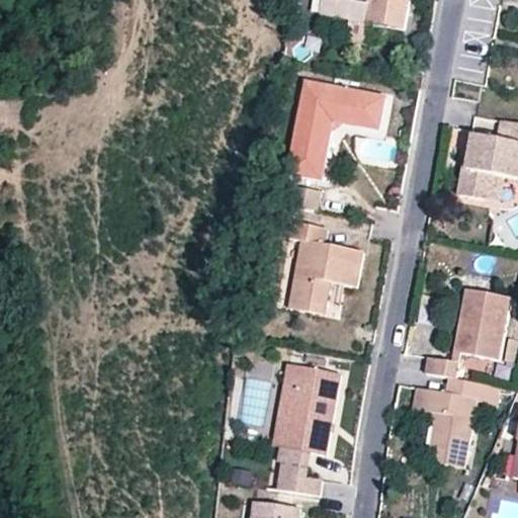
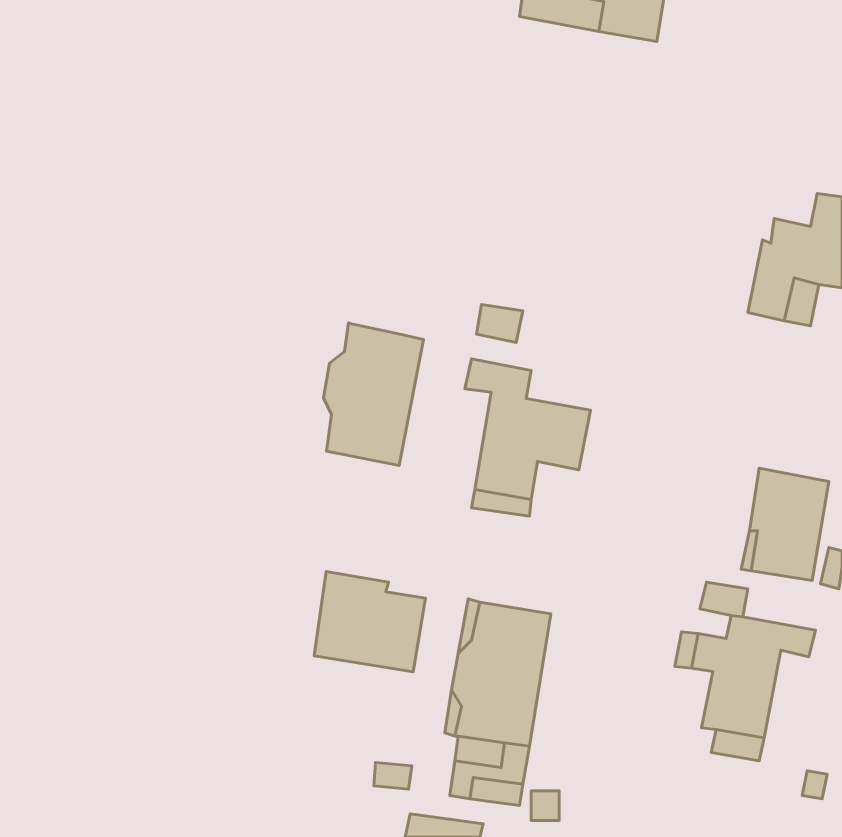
building: [289,83,385,181] -> none
building: none -> [323,323,424,465]
building: none -> [314,571,425,672]

